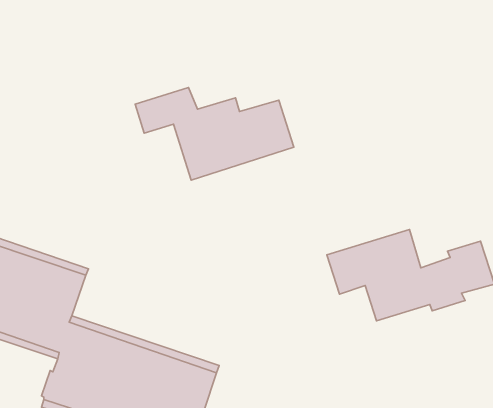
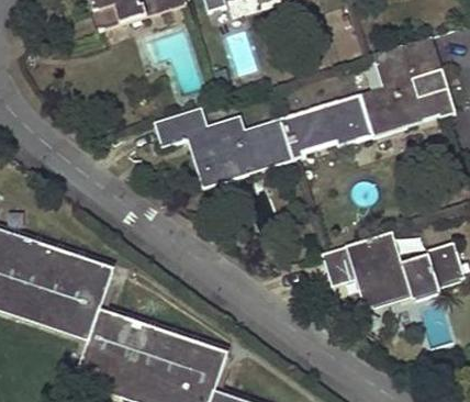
building: none -> [279,36,456,163]

